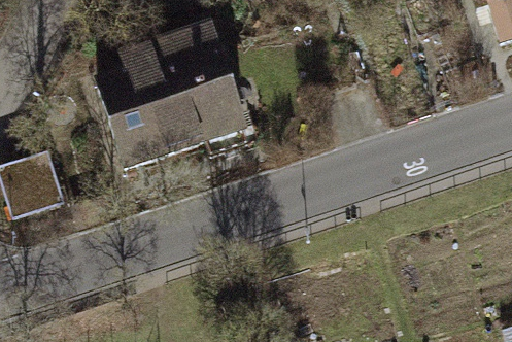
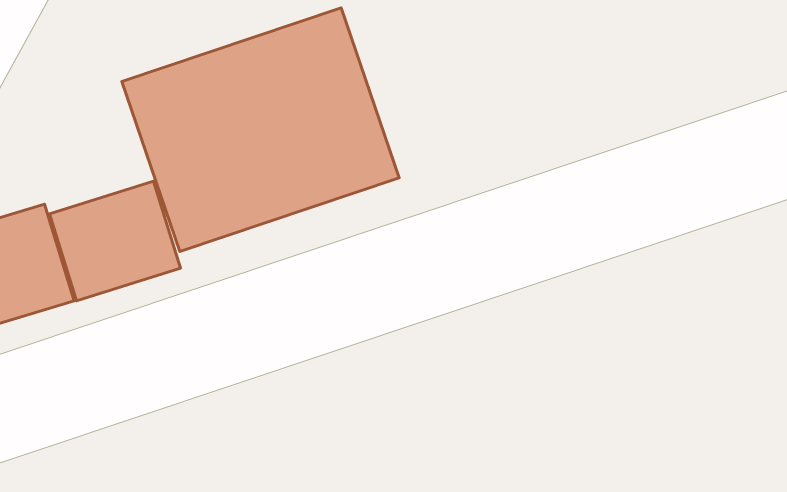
building: none -> [50,181,180,301]

